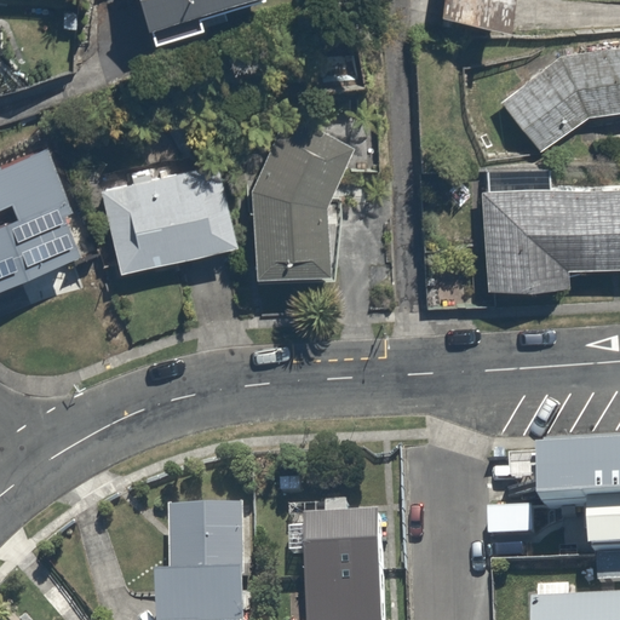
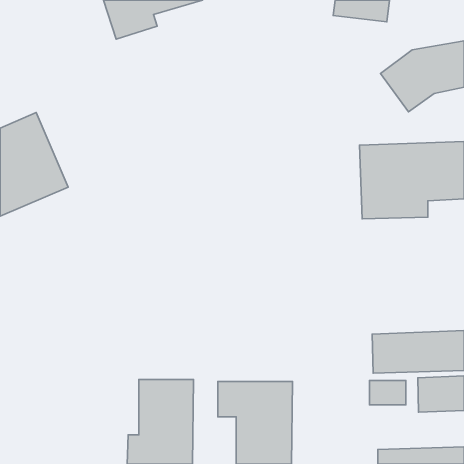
building: [248,114,352,280] -> none
building: [94,165,236,279] -> none

